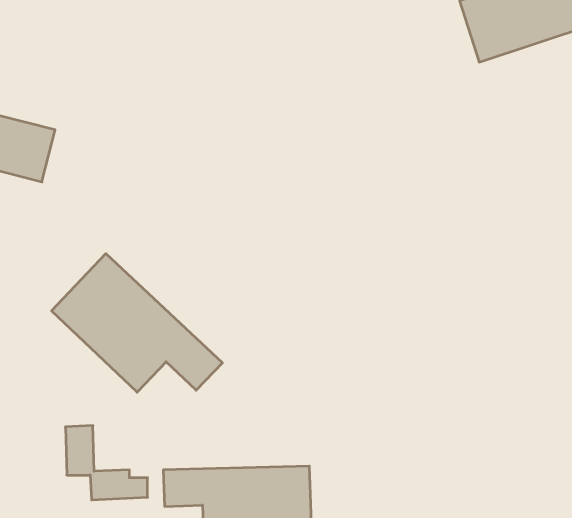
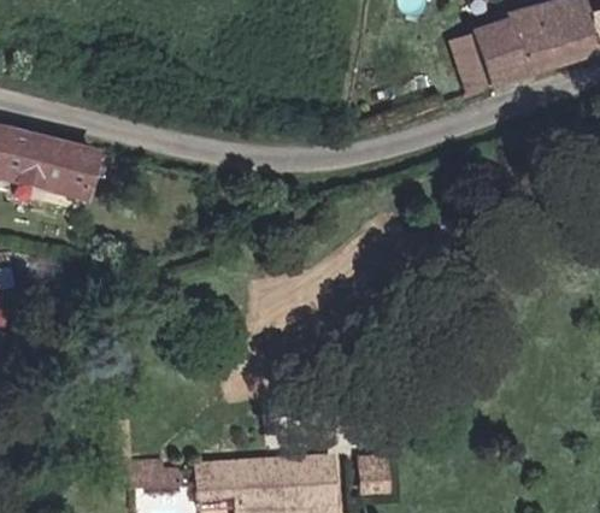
building: [52,254,222,392] -> none

